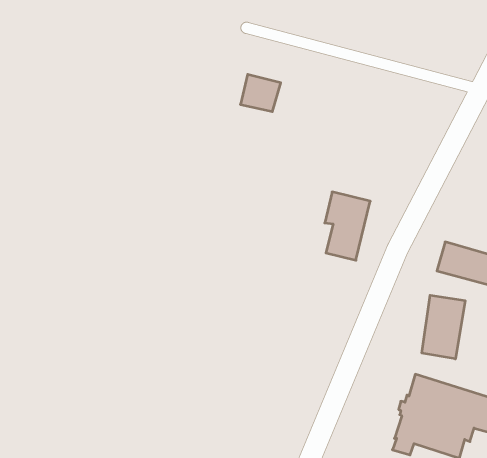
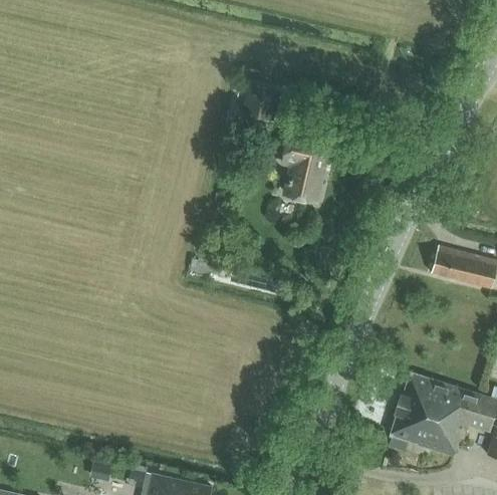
building: [325,192,370,260] -> [285,134,329,200]
building: [422,295,465,359] -> none

